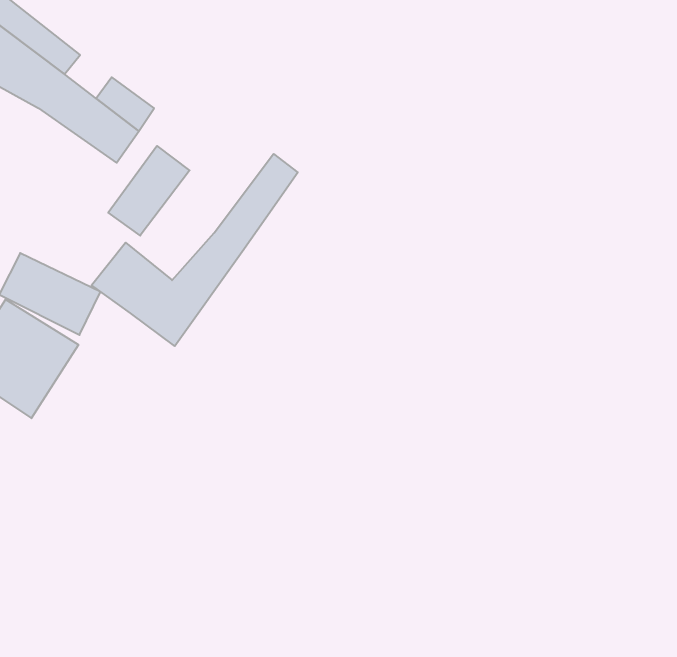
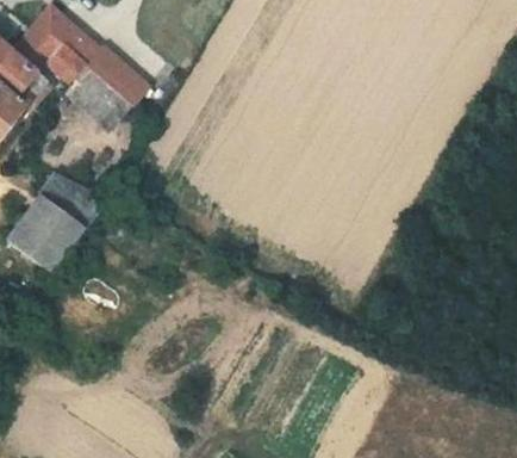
building: [108,146,190,236] -> none
building: [92,154,298,346] -> none

